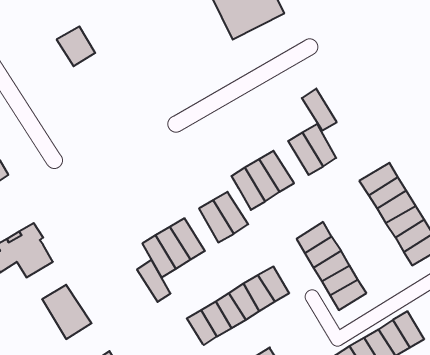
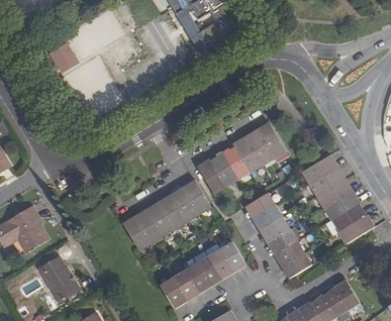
building: [302,88,337,131] -> [232,137,262,173]
building: none -> [245,193,274,219]
building: [137,260,171,302] -> [158,194,186,229]

